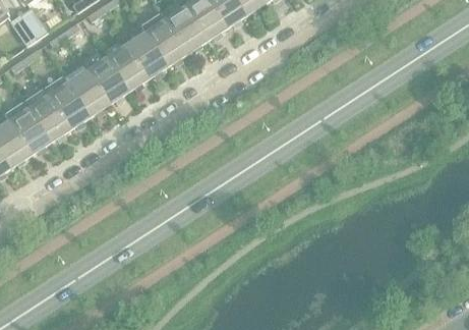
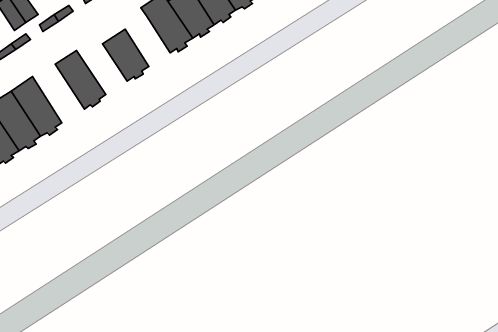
building: [126,32,167,77] -> none
building: [86,57,128,103] -> none
building: [43,74,90,128] -> none

